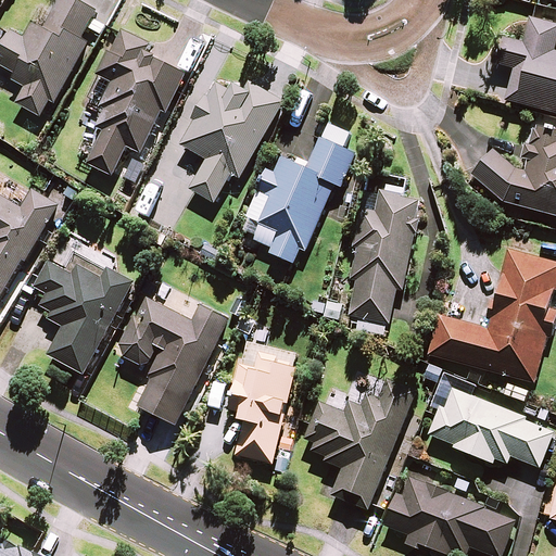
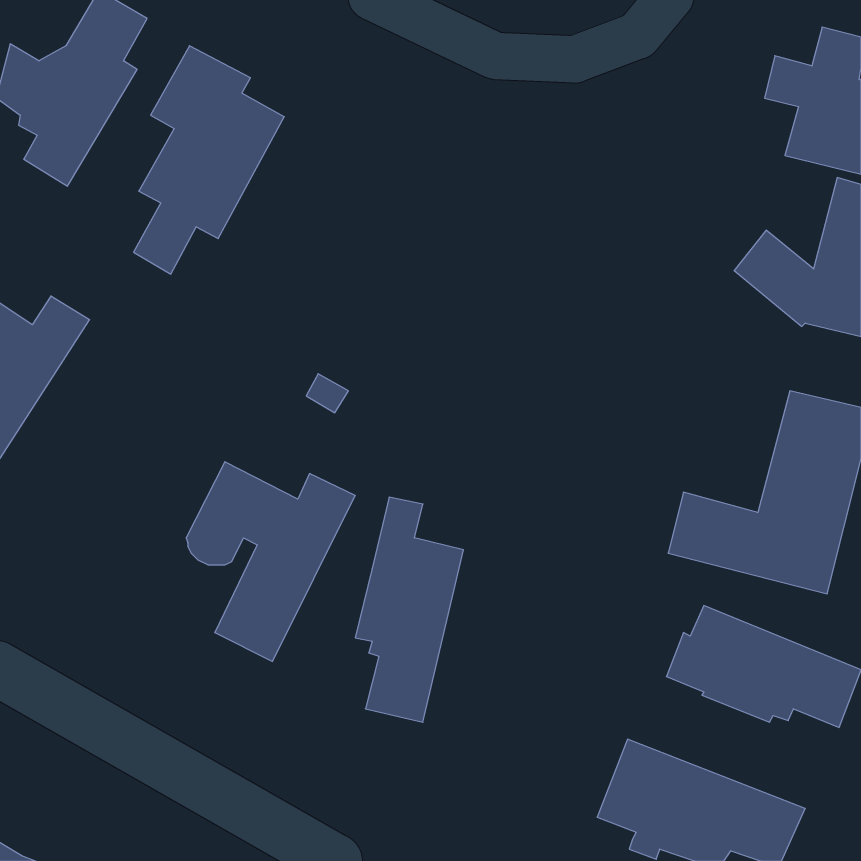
building: [178,83,282,203] -> none
building: [248,138,354,265] -> none
building: [348,172,420,325] -> none
building: [35,240,131,371] -> none
building: [304,379,416,509] -> none

